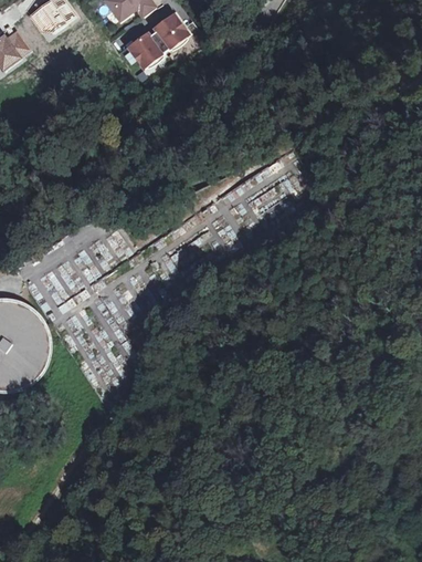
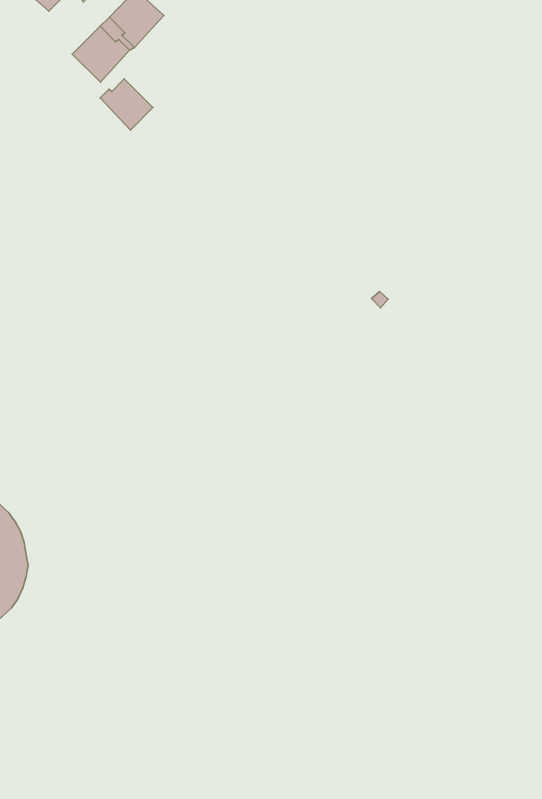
building: none -> [100,79,153,130]

